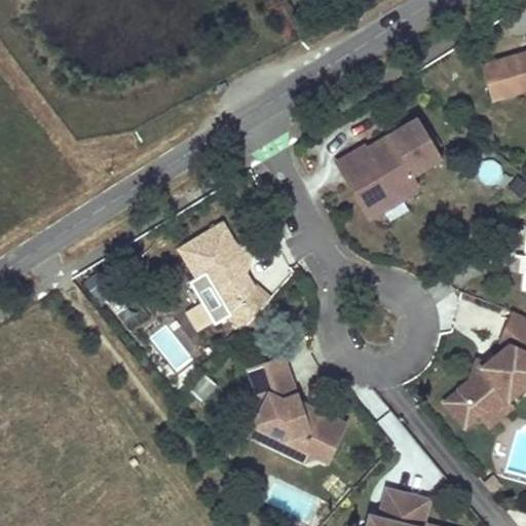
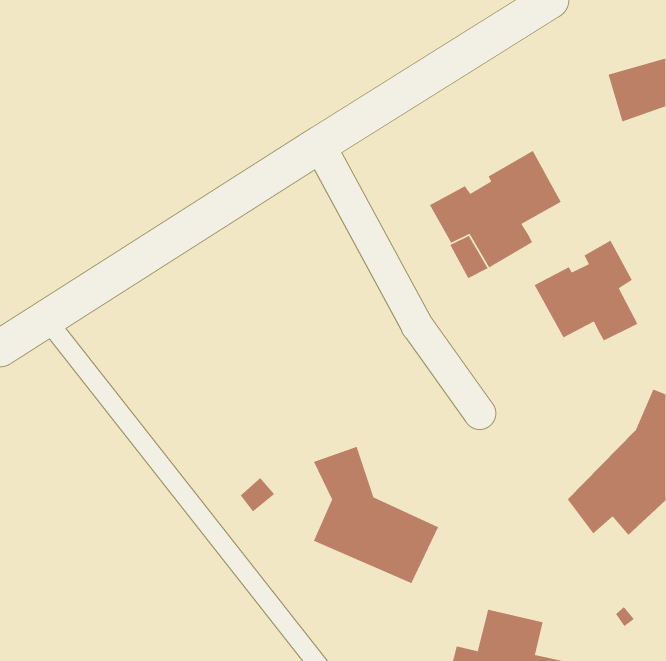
building: none -> [534,239,639,342]
building: [179,222,271,330] -> none

